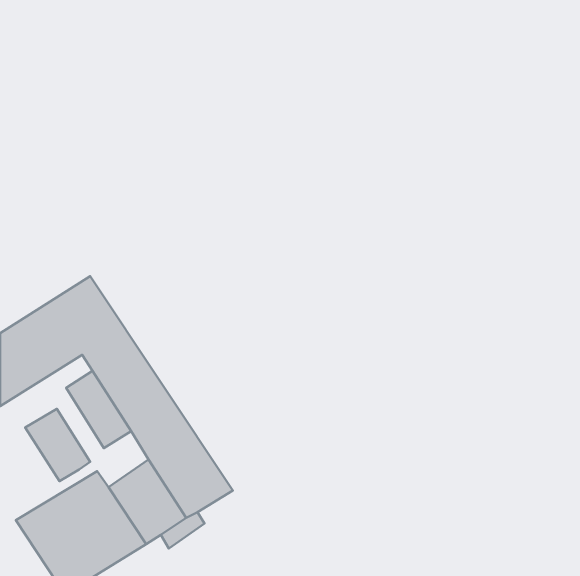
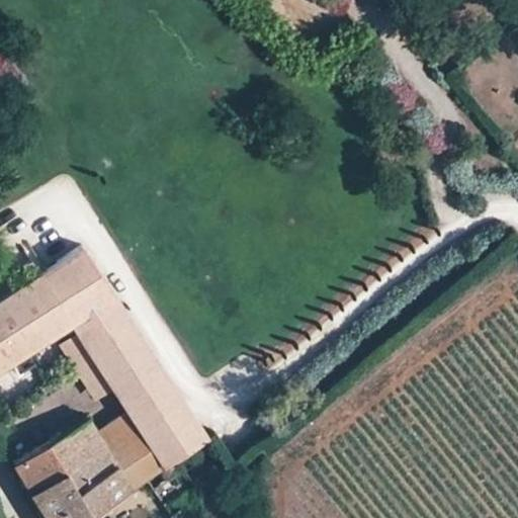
building: [25,409,90,481] -> none

